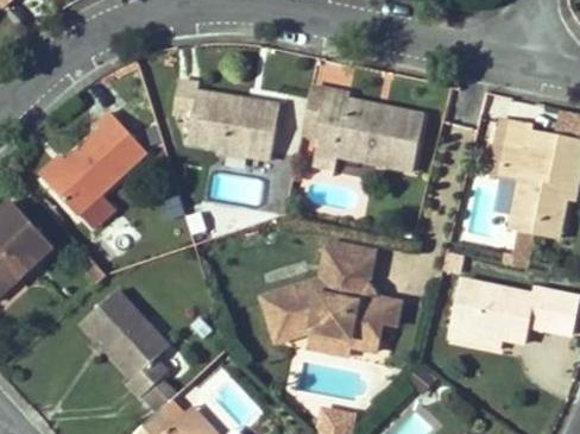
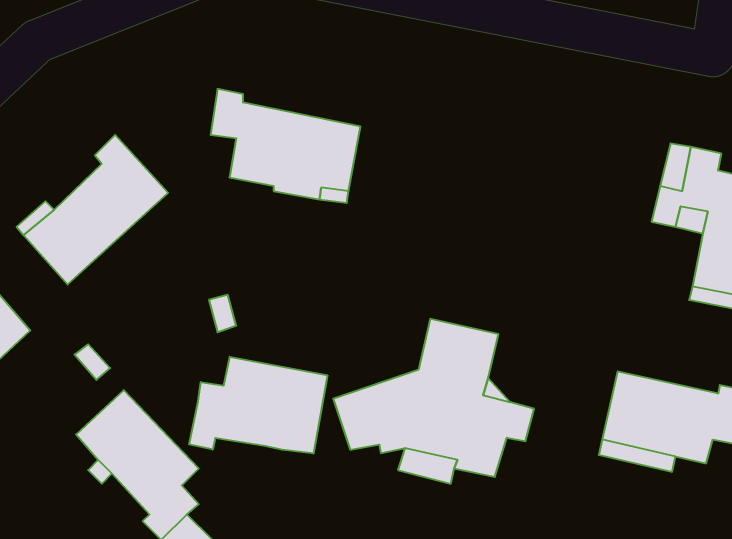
building: [304,86,424,168] -> none
building: none -> [189,357,327,454]

